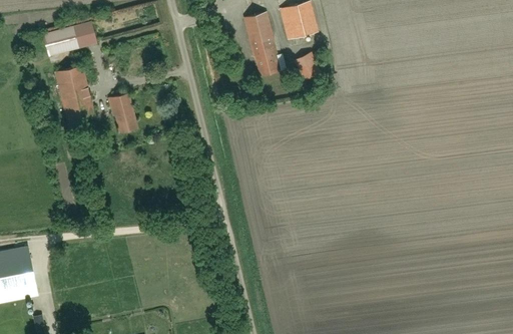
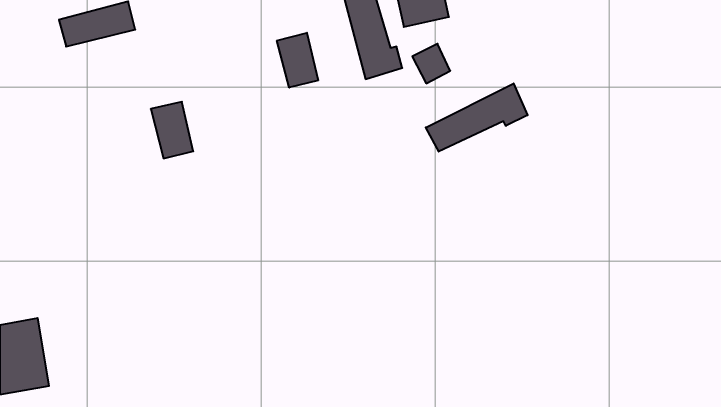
building: none -> [277,33,318,88]
building: [54,66,93,120] -> none
building: none -> [426,83,528,152]

